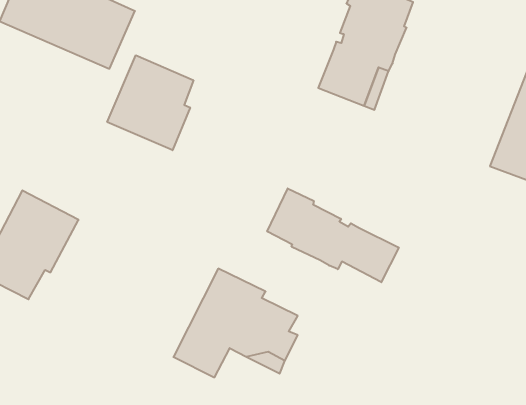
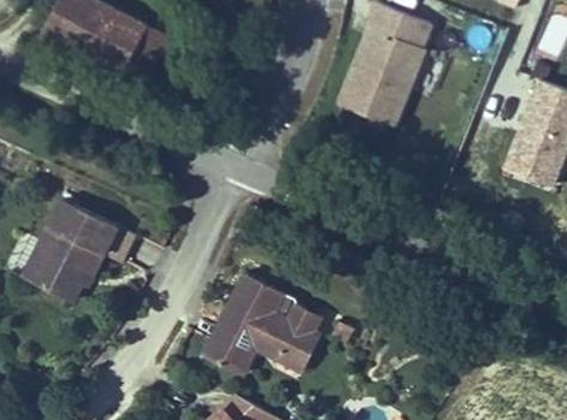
building: [107,55,193,150] -> none
building: [267,188,399,282] -> none

